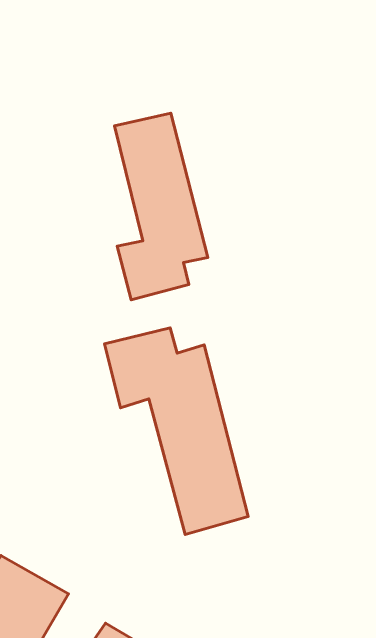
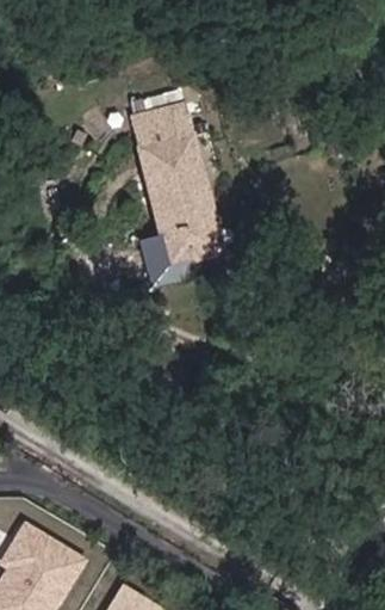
building: [104,328,248,534] -> none

